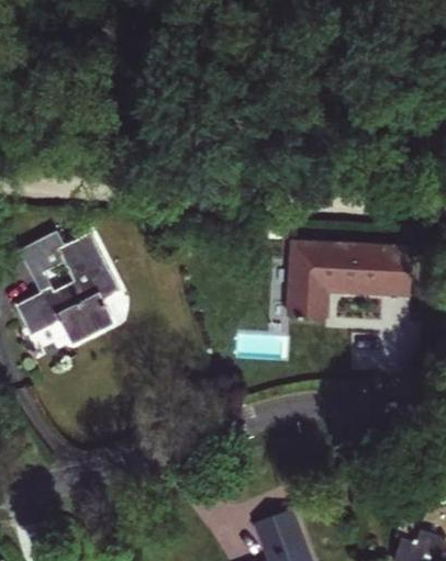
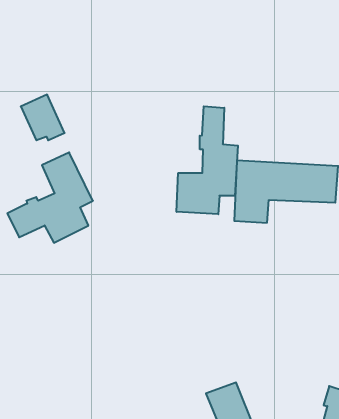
building: none -> [177,106,238,214]
building: [20,237,73,292] -> [21,95,65,140]

